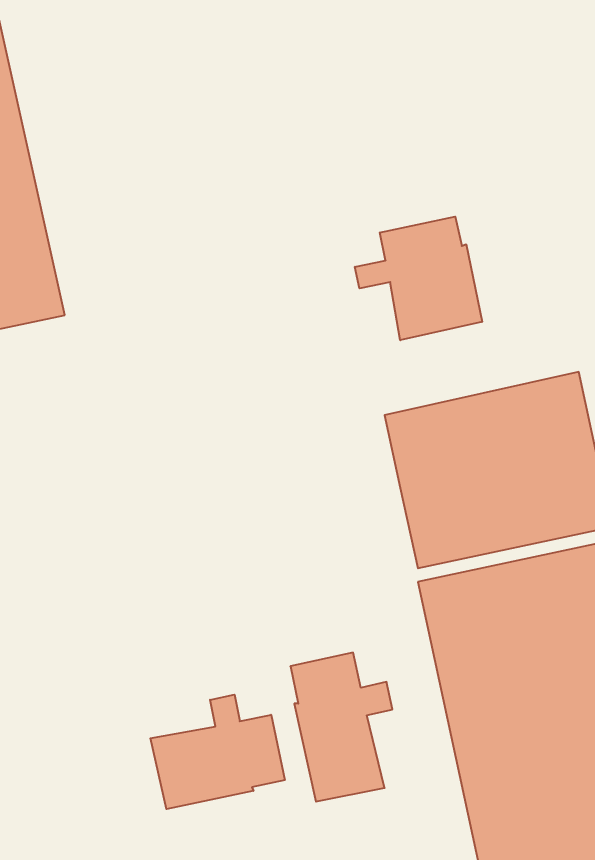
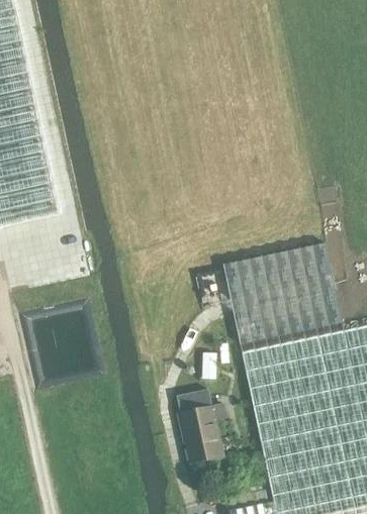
building: [355,217,482,340] -> none
building: [150,695,285,809] -> none

